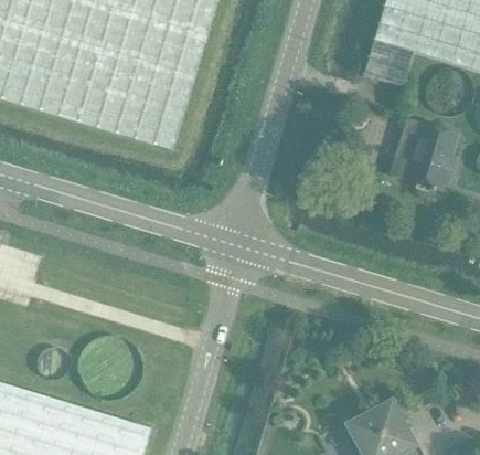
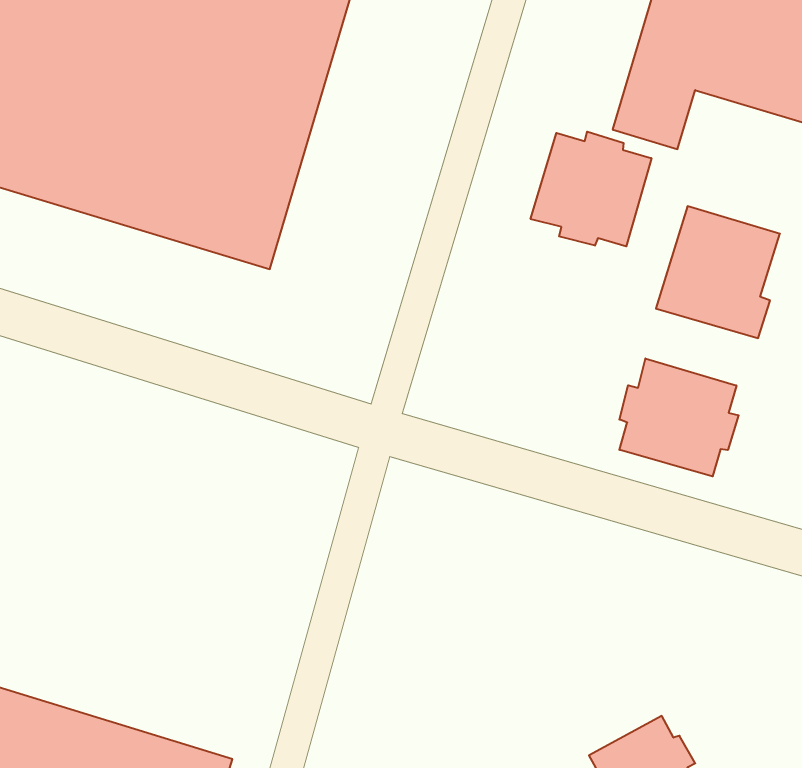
building: none -> [531,132,651,246]
building: none -> [619,358,739,476]

